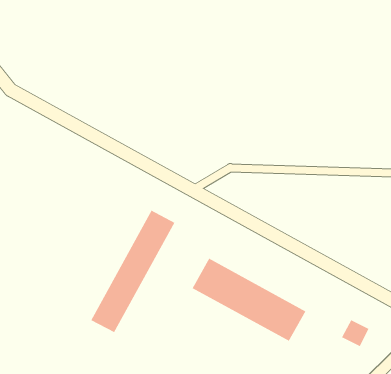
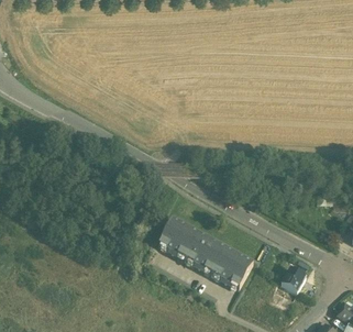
building: [90,210,175,333] -> none

